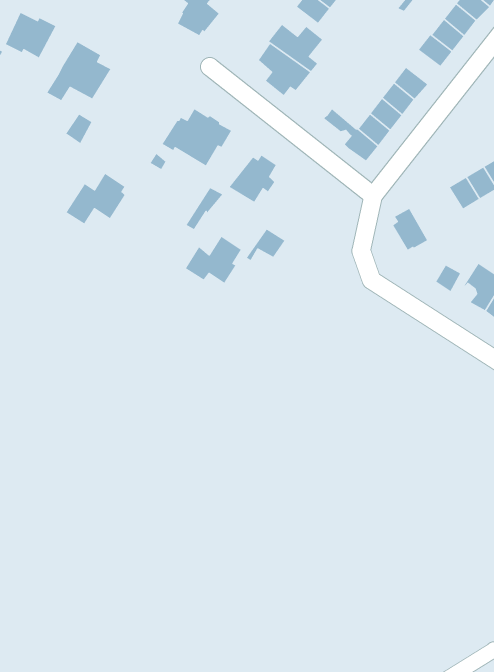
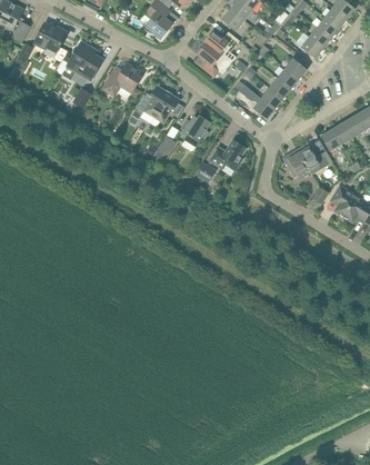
building: [65,173,126,224] -> [101,62,140,96]
building: none -> [294,146,328,175]
building: [185,236,242,284] -> [209,139,246,170]

